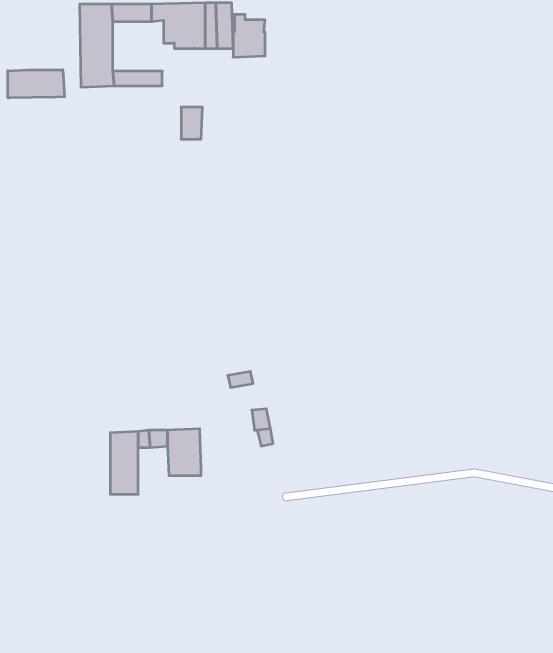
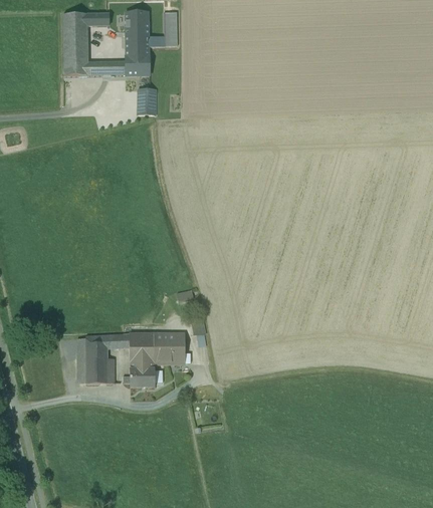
building: [233,14,265,57] -> [125,42,149,74]
building: [8,70,65,98] -> none
building: none -> [153,333,184,361]
building: none -> [129,367,154,386]

